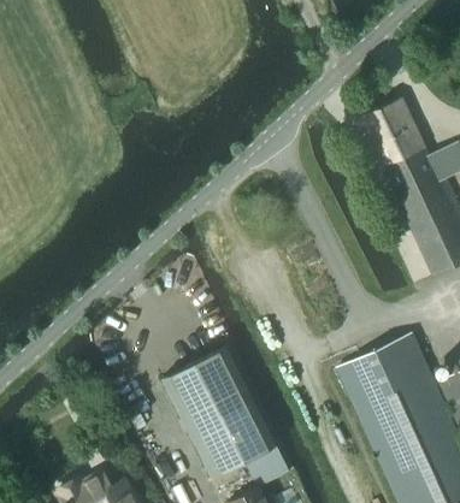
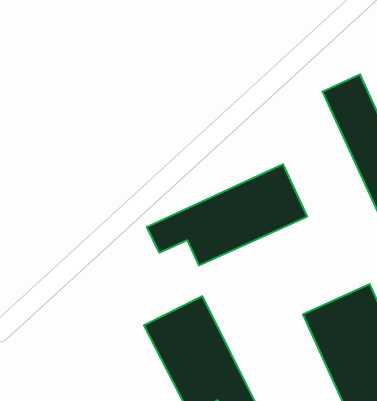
building: none -> [147,164,307,266]

